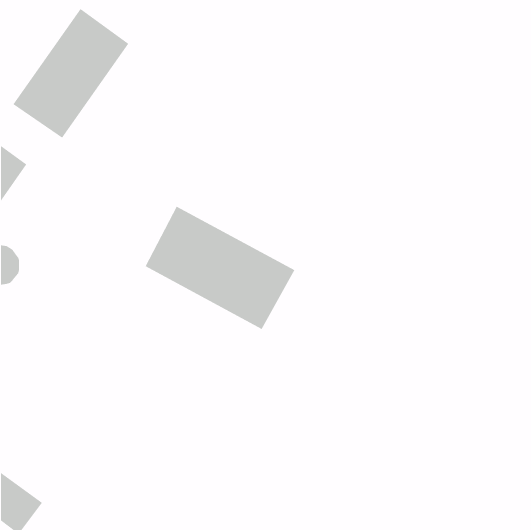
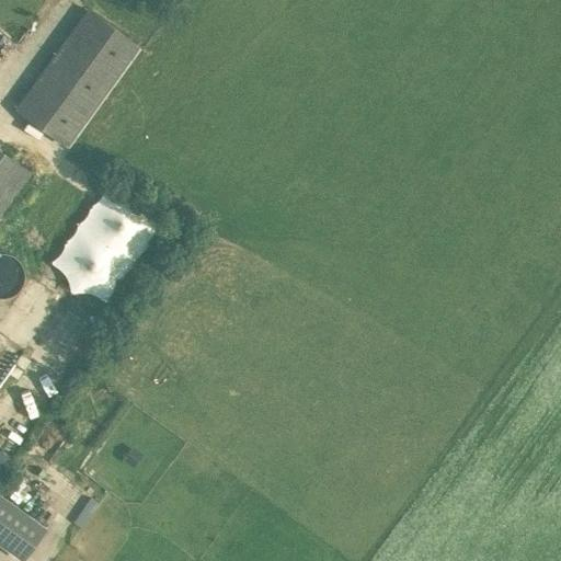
building: none -> [51,187,156,304]
building: [145,206,295,330] -> none

